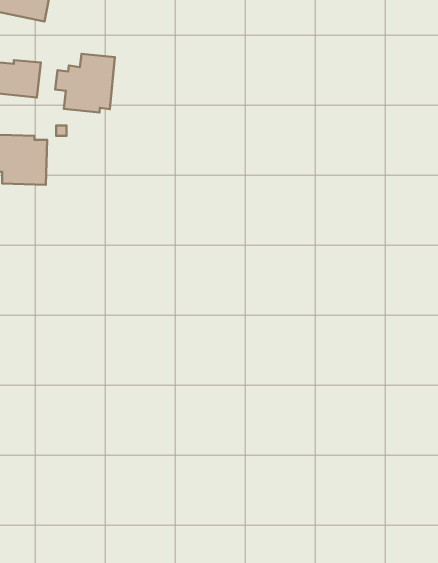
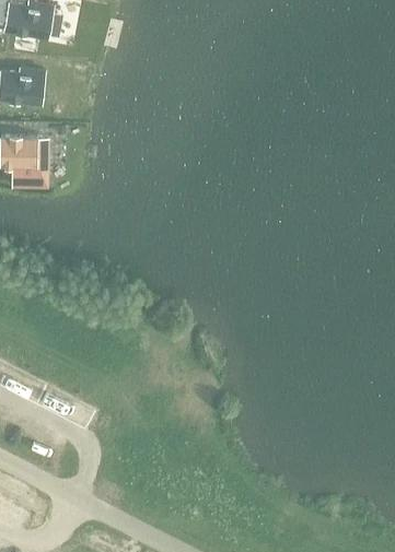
building: [55,54,115,112] -> none

